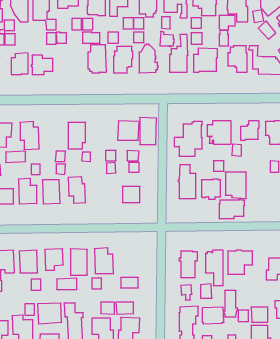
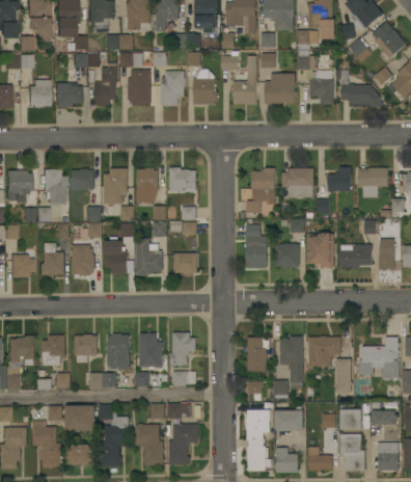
building: none -> [88,71,117,106]
building: [140,117,157,145] -> [135,167,157,203]
building: none -> [70,168,92,189]
building: none -> [134,238,162,274]
building: [219,199,245,218] -> [340,243,374,268]
building: none -> [170,333,195,366]
building: [224,291,238,317] -> [336,358,354,393]

